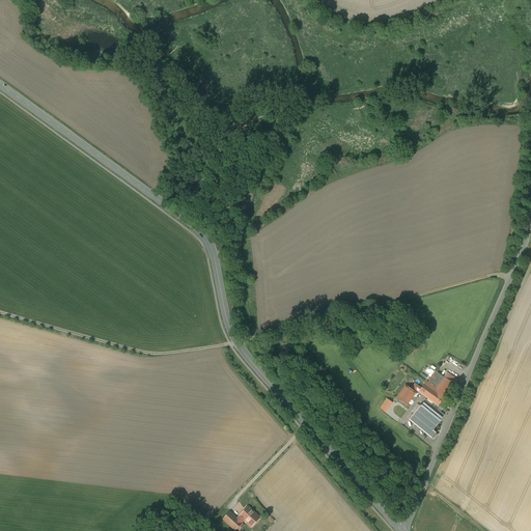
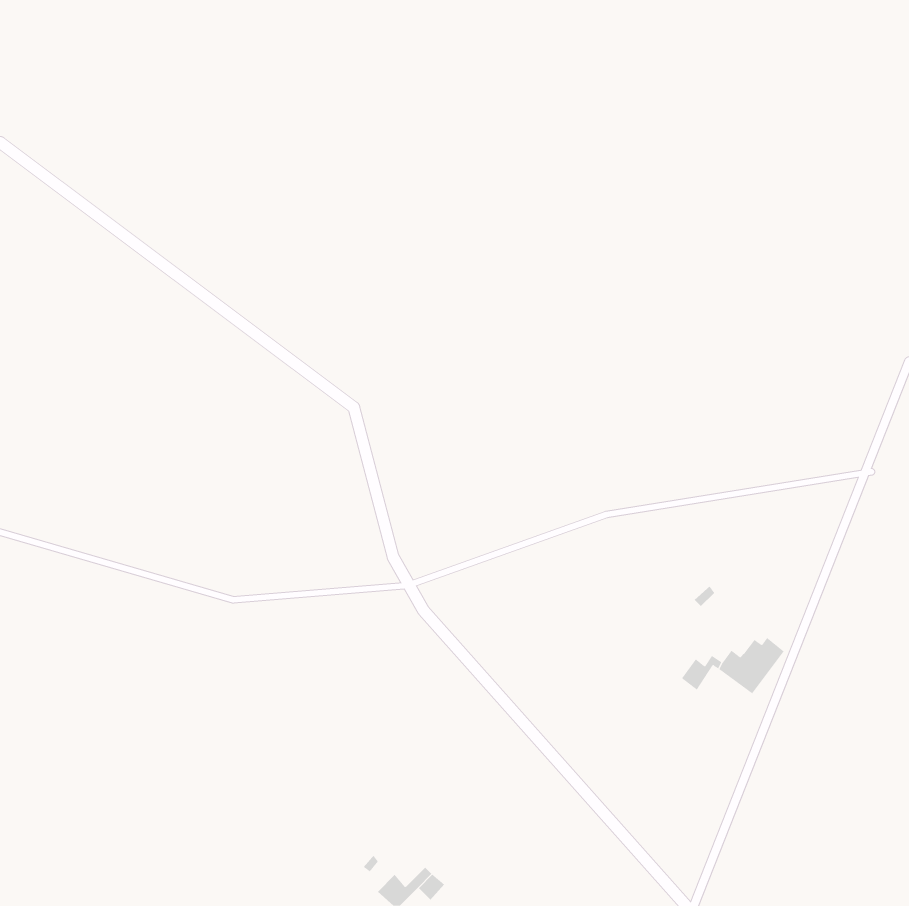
building: [409,403,440,437] -> none

